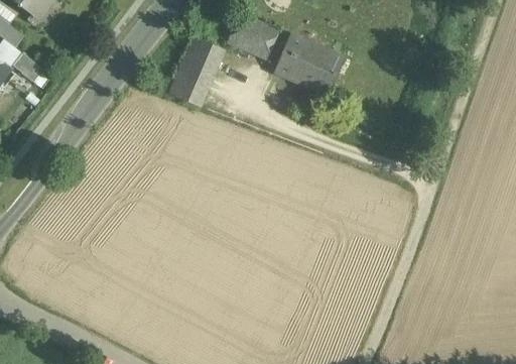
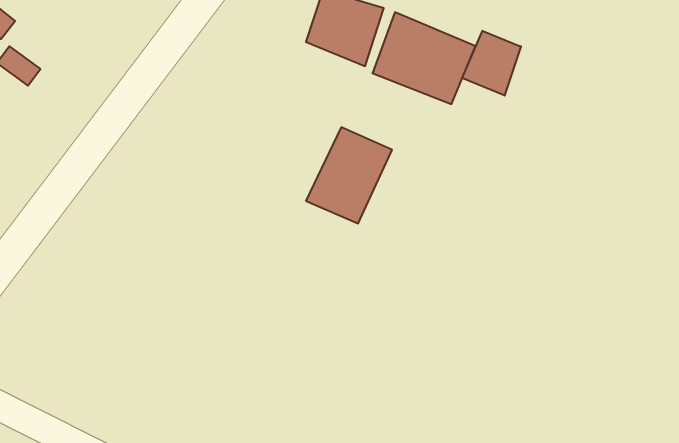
building: [166,34,228,103] -> [306,127,392,223]
building: none -> [462,31,521,96]

